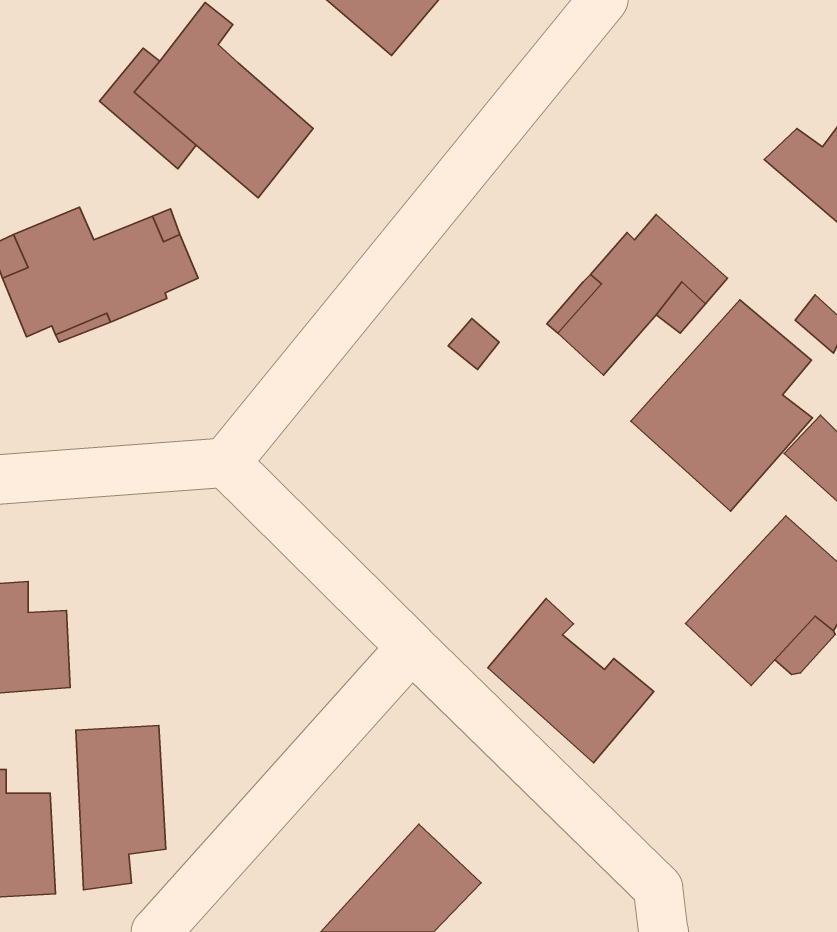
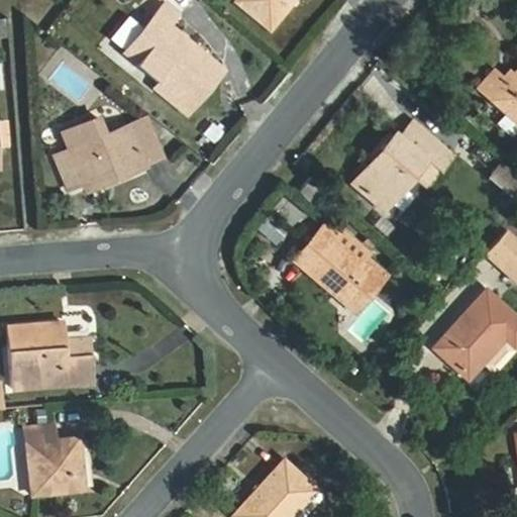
building: [631,300,813,511] -> none
building: [488,598,654,763] -> [295,222,387,313]
building: [76,725,166,890] -> none

